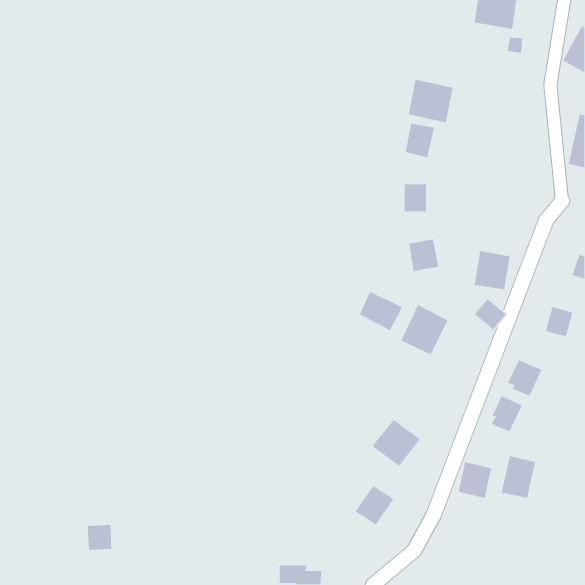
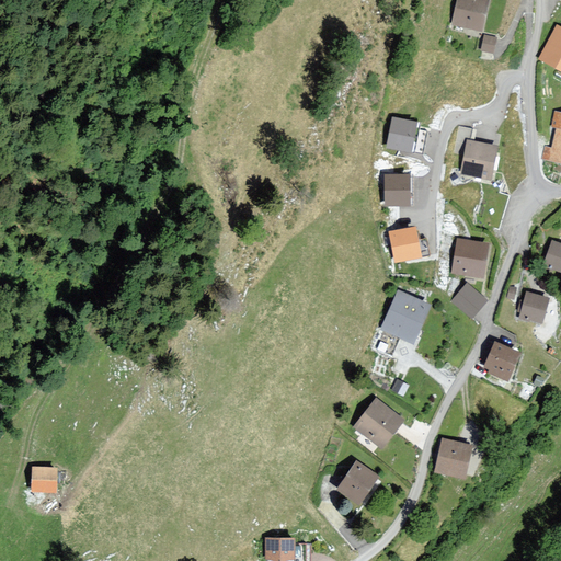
building: [408,79,454,123] -> none
building: none -> [461,141,495,178]
building: [359,291,403,331] -> none
building: [491,395,523,432] -> none
building: [501,455,536,498] -> none
building: [87,524,112,551] -> [33,466,57,491]

